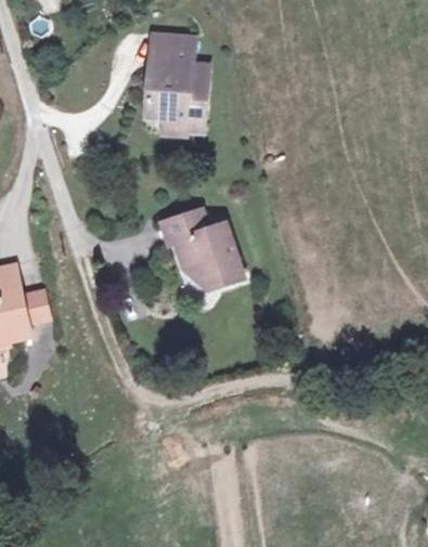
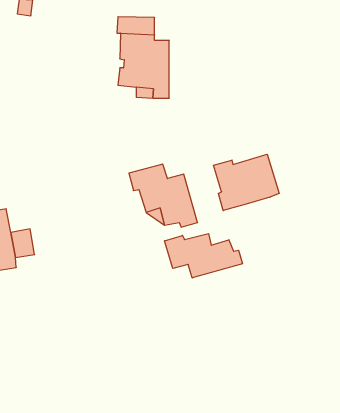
building: none -> [213,154,279,211]
building: none -> [165,234,243,278]

